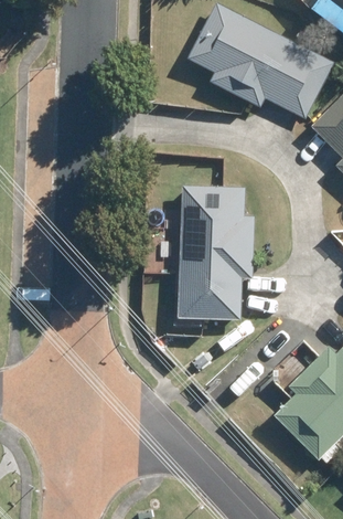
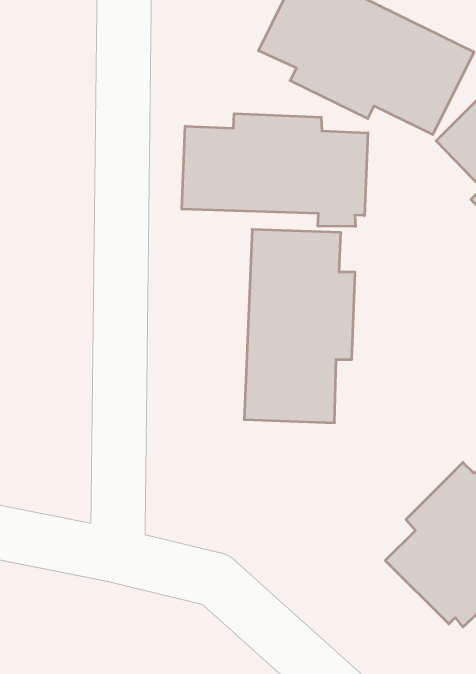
building: none -> [182,114,368,227]

